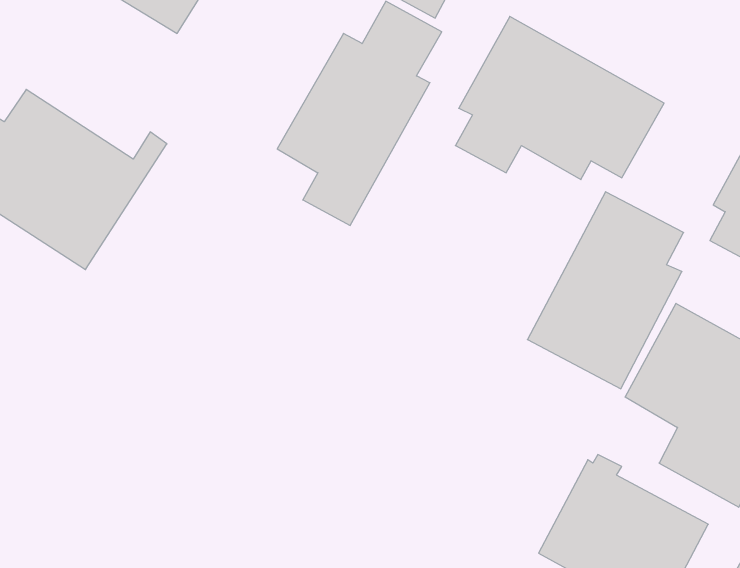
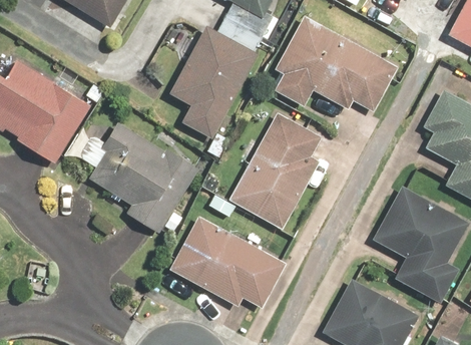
building: [527,192,684,389] -> [229,111,322,228]
building: none -> [88,121,197,233]
building: none -> [169,215,285,308]

